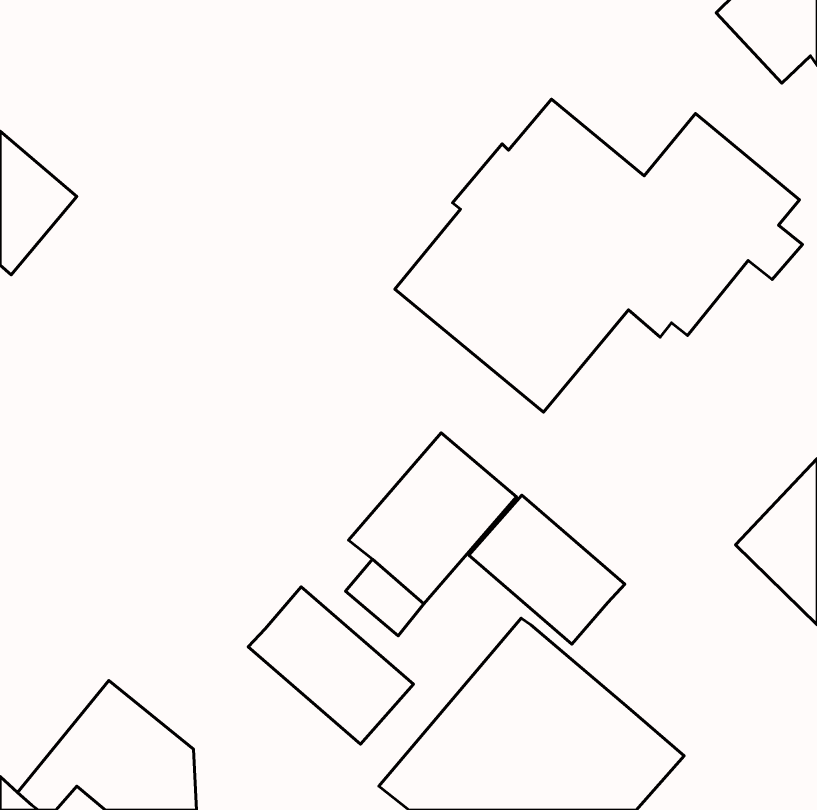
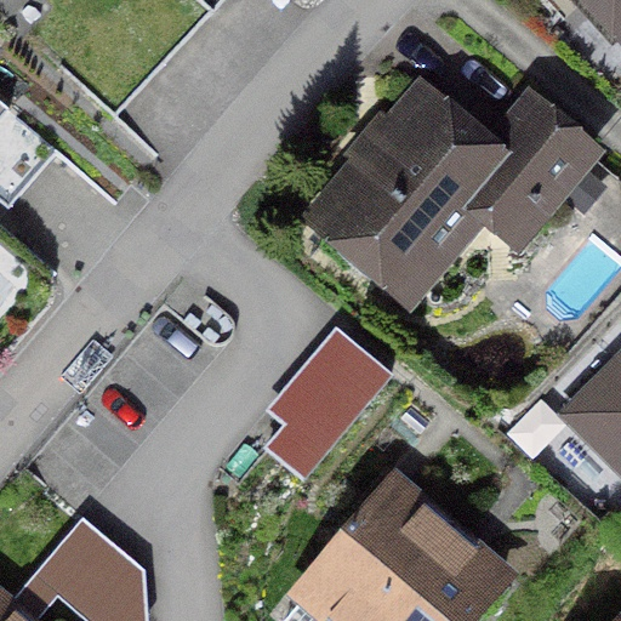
building: [469,495,625,644] -> none
building: [248,587,414,744] -> none

